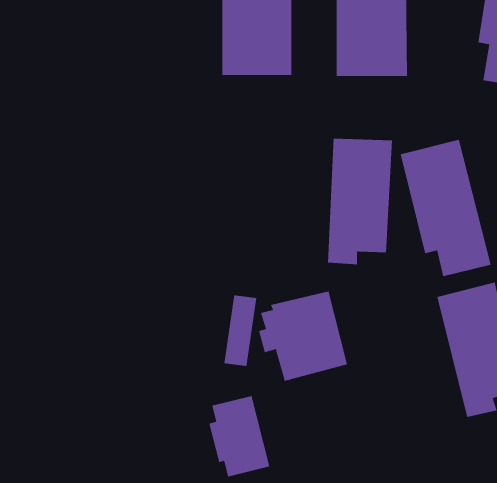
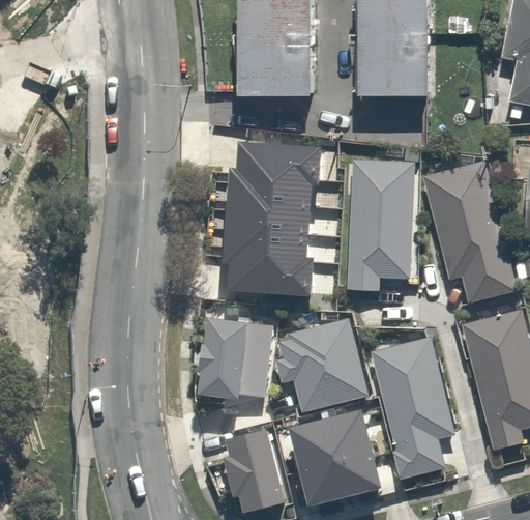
building: none -> [223,140,322,294]
building: none -> [198,315,249,398]
building: none -> [372,336,455,479]
building: none -> [289,407,382,504]

